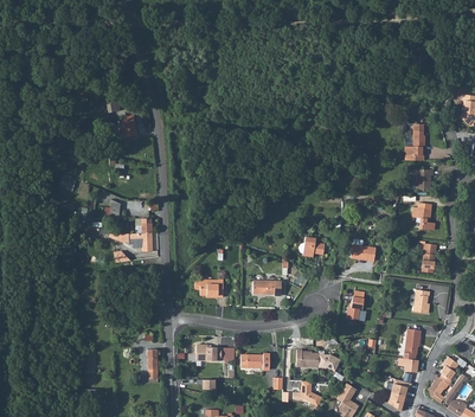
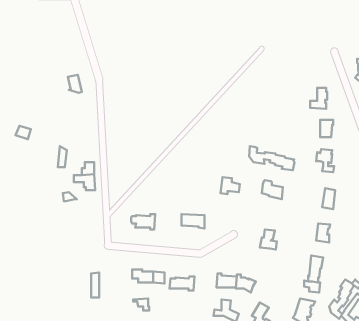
building: none -> [249,146,294,170]

